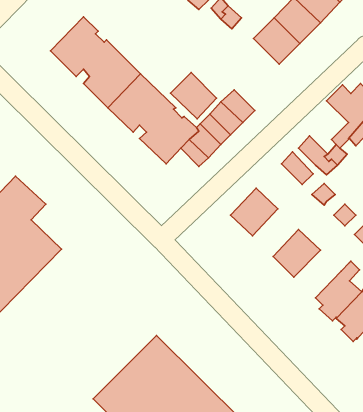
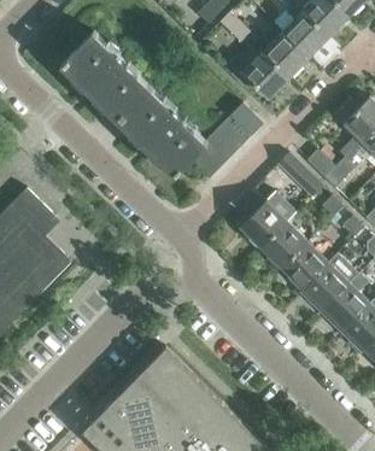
building: [170,73,217,119] -> [241,53,287,99]
building: none -> [260,222,306,269]
building: none -> [301,254,357,312]

